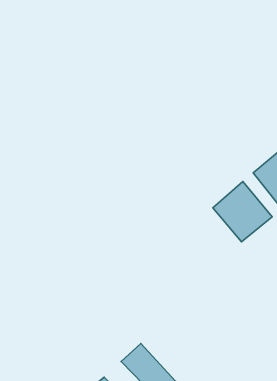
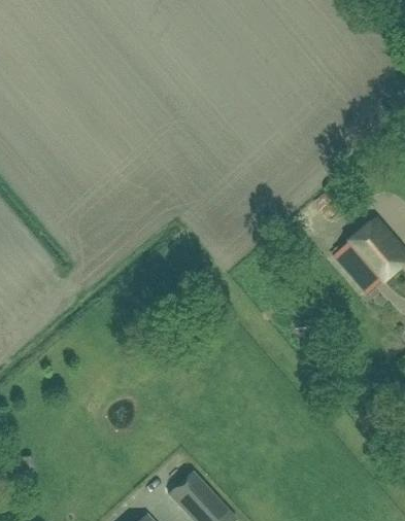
building: [213,181,272,242] -> none

